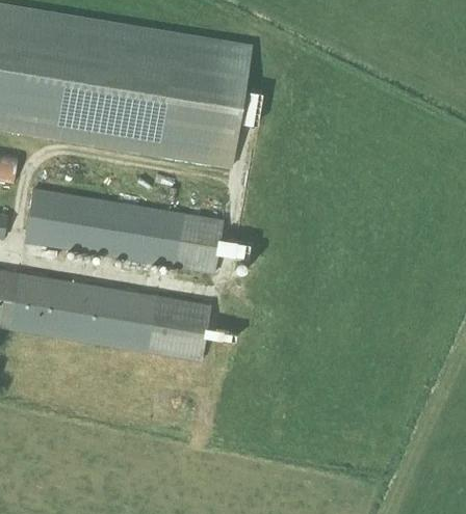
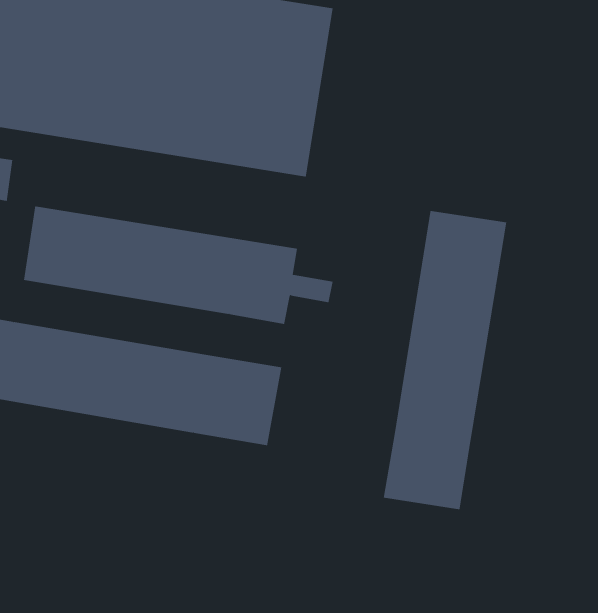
building: none -> [383,210,507,510]

